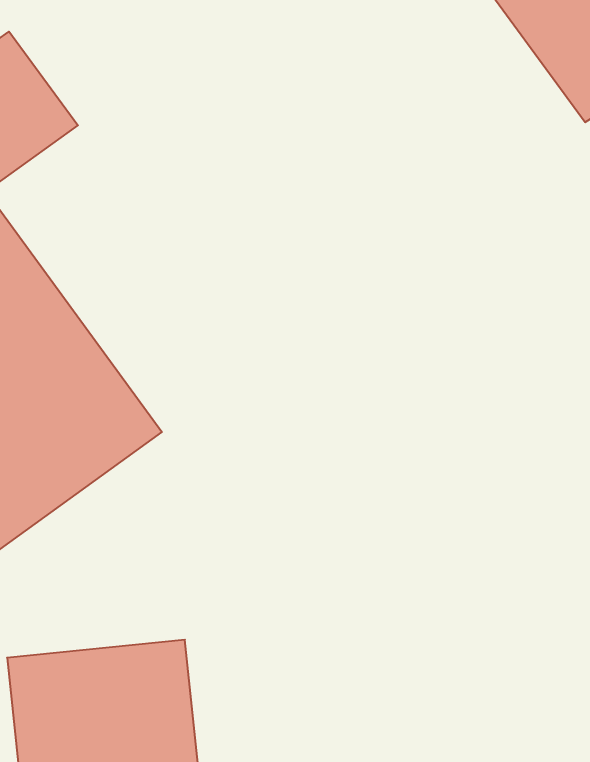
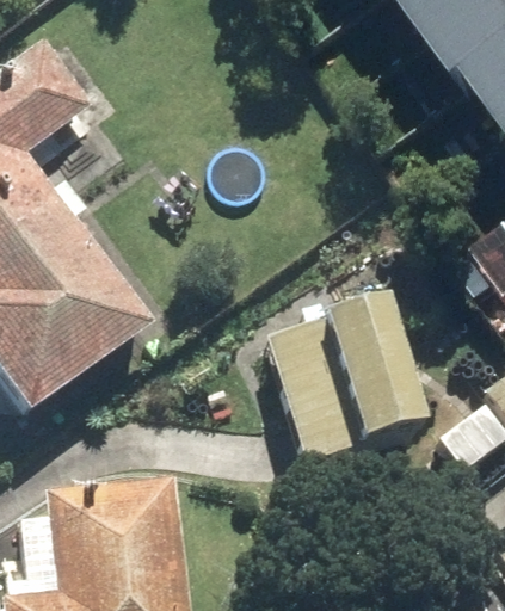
building: none -> [266,304,420,470]

